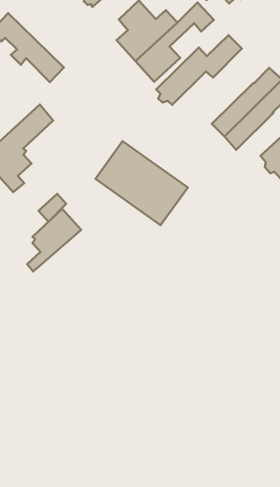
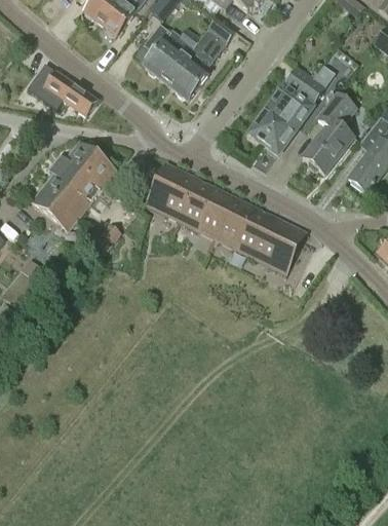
building: [156,35,242,105] -> none
building: none -> [216,197,307,273]
building: [27,209,81,272] -> [69,153,116,219]

